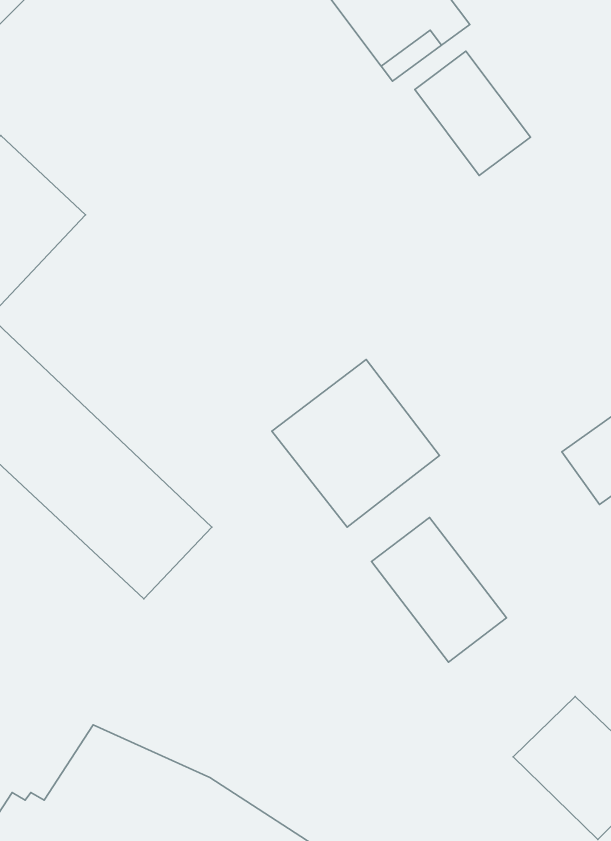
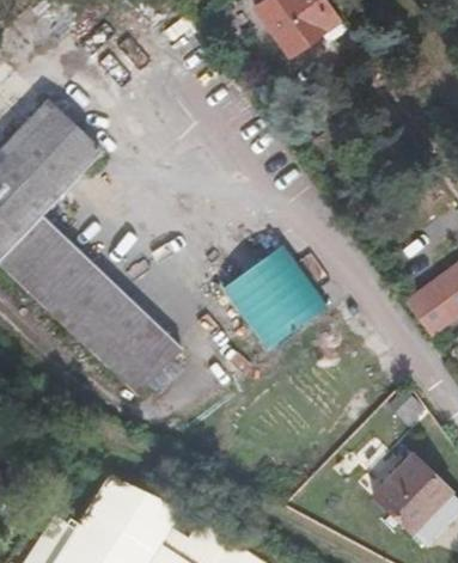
building: [415,51,530,175] -> none
building: [372,517,506,662] -> none

